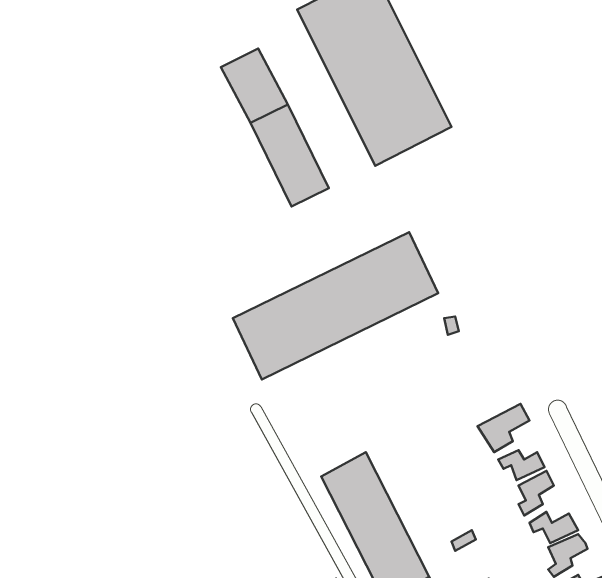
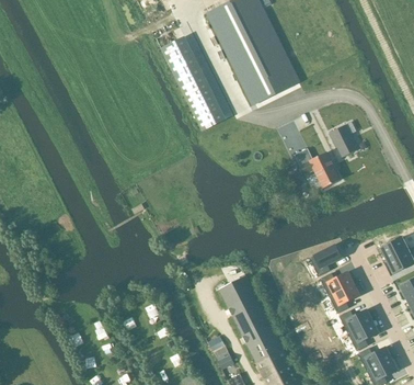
building: none -> [330,125,357,158]
building: [233,232,438,379] -> none
building: none -> [309,152,340,188]

